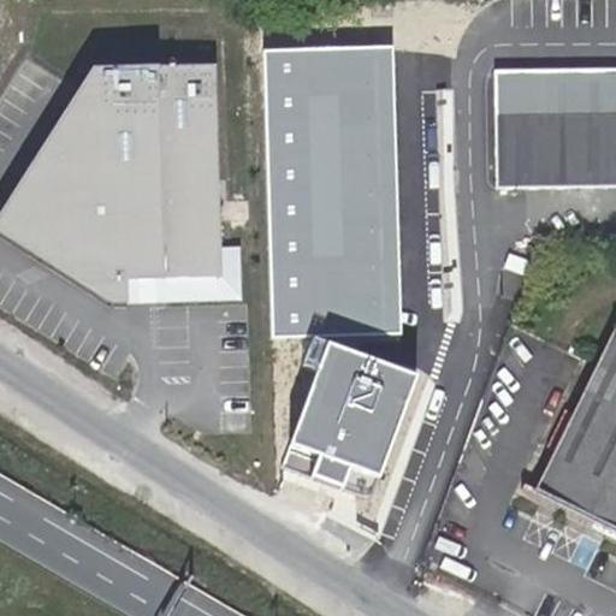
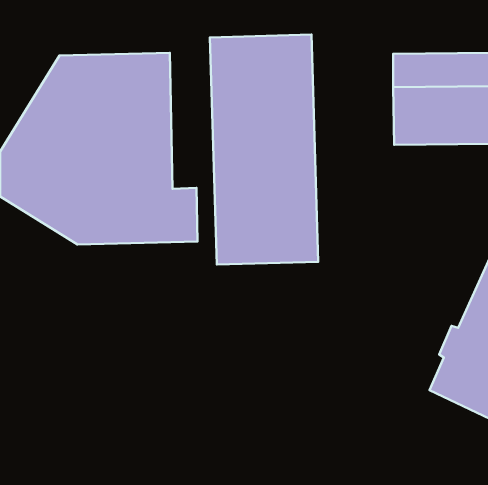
building: [294,340,417,481] -> none

